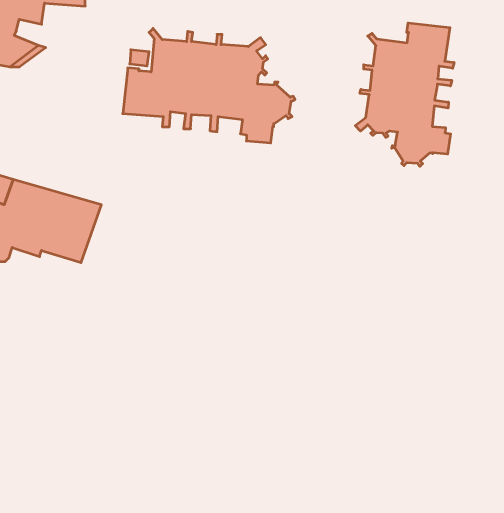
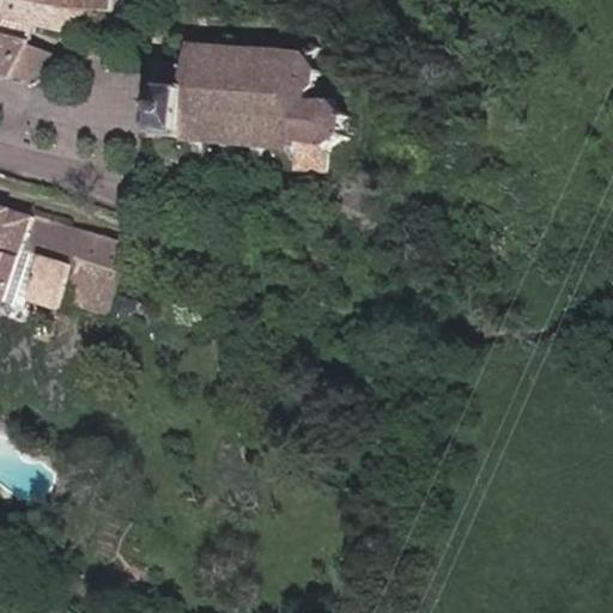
building: [355,23,454,166] -> none

